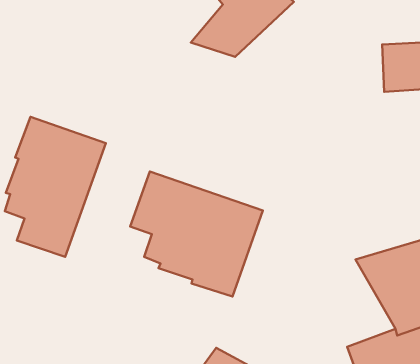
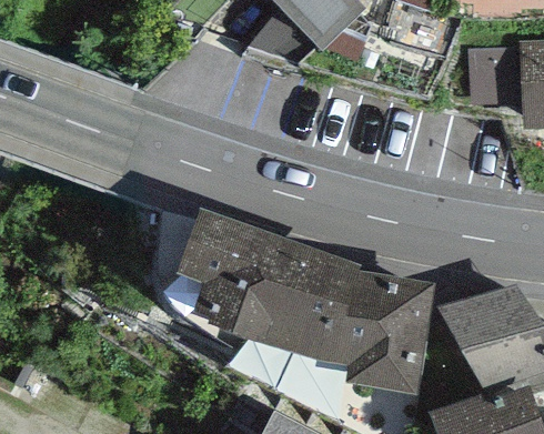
building: [5,117,106,257] -> none
building: none -> [294,252,434,395]

